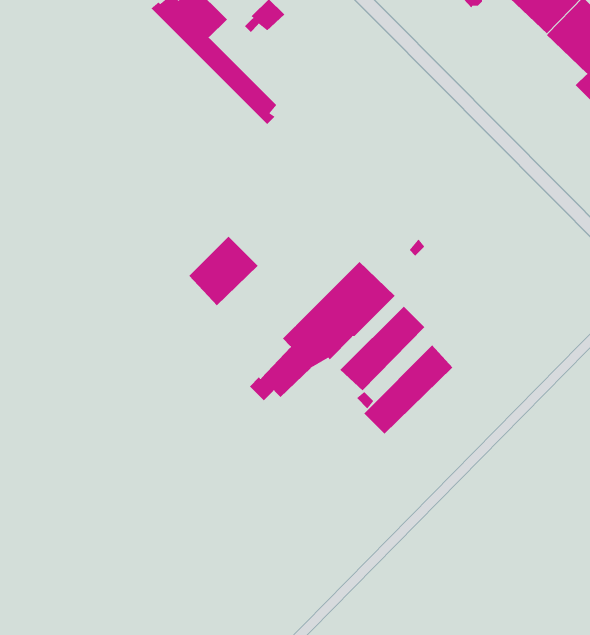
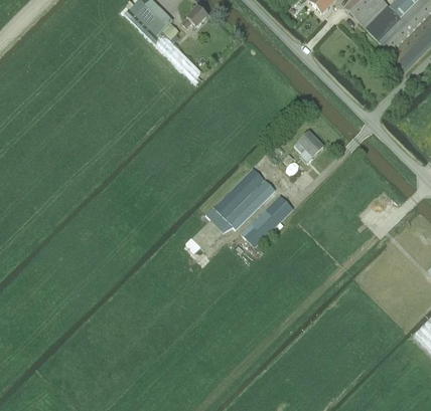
building: none -> [295,129,324,161]
building: [188,236,259,306] -> none
building: [363,345,453,435] -> none

